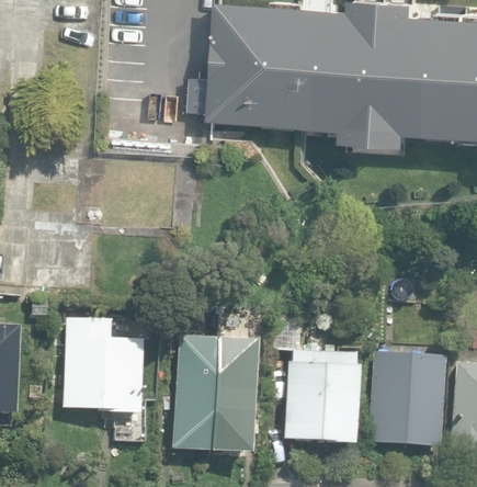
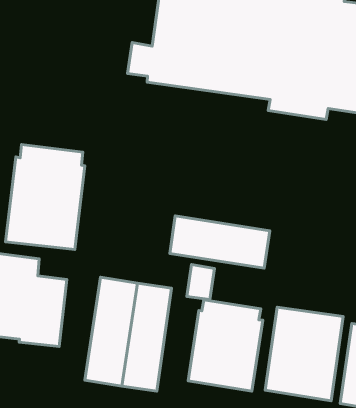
building: none -> [6,145,85,250]
building: none -> [170,216,270,268]

